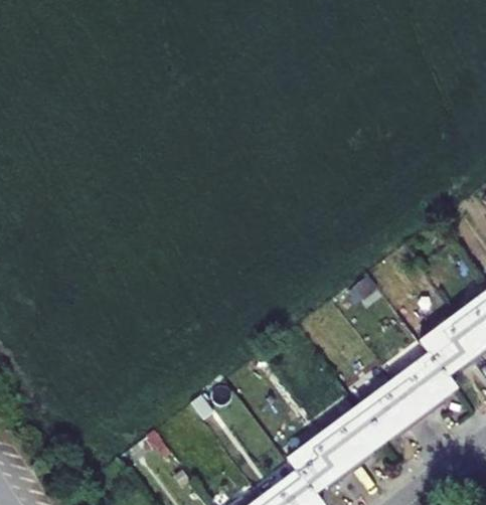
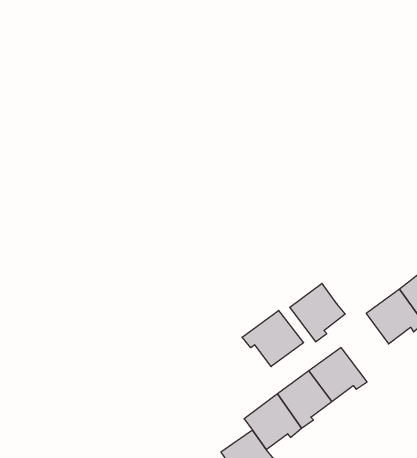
building: none -> [242,310,304,367]
building: [394,352,455,415] -> [290,283,345,342]

